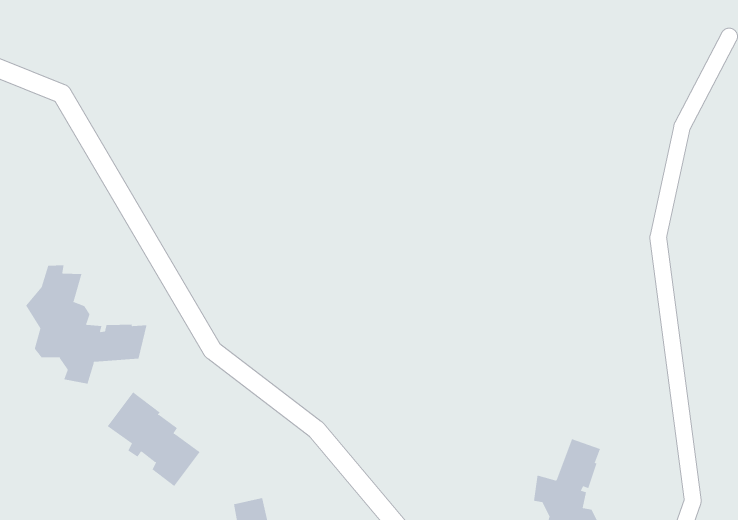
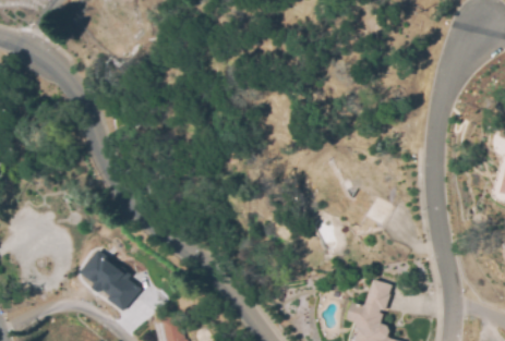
building: [26,265,147,384] -> none

